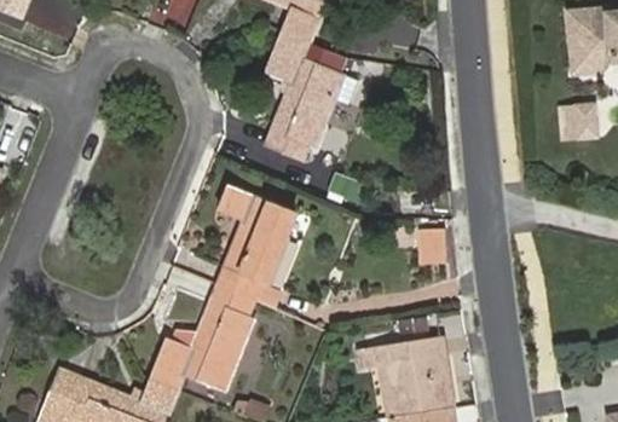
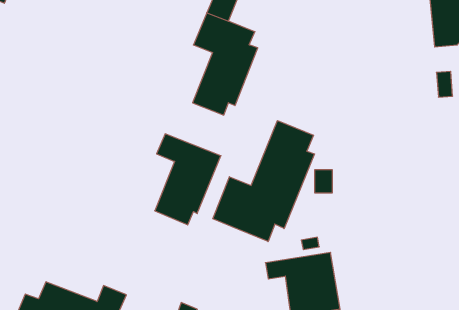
building: none -> [213,121,315,242]
building: [149,283,256,392] -> none

